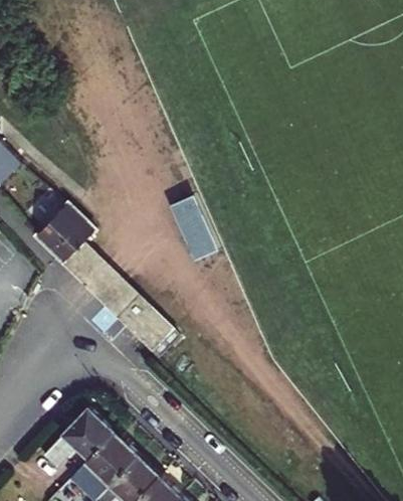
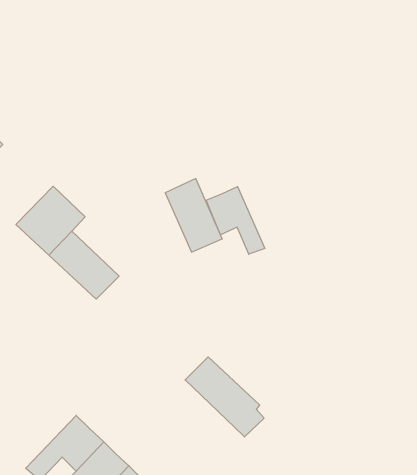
building: none -> [206,187,265,254]
building: [106,283,178,356] -> [185,357,264,437]

